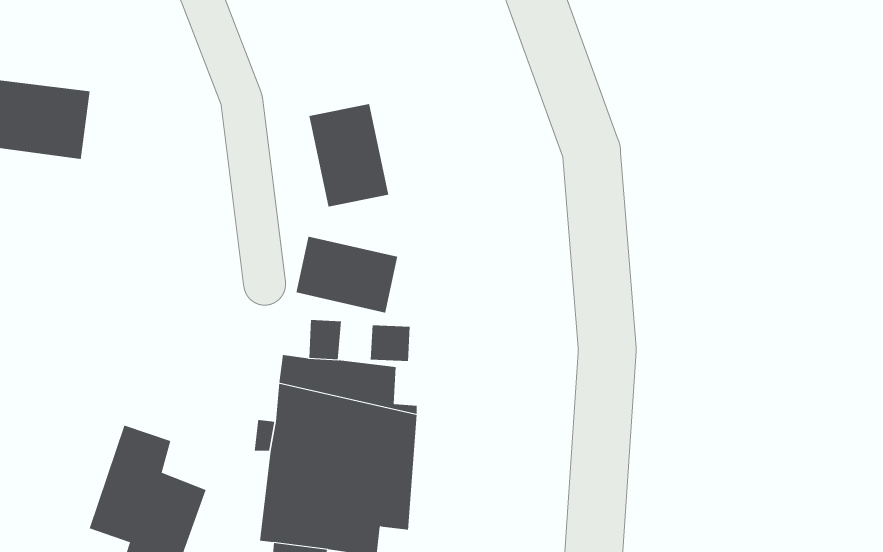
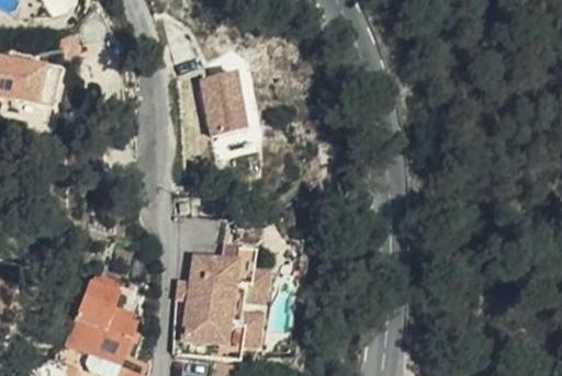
building: [296,236,398,313] -> none

